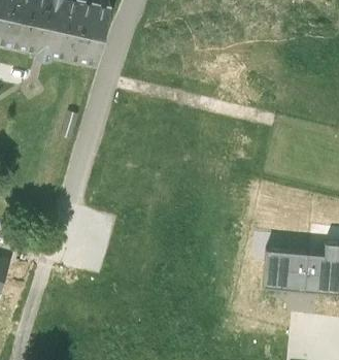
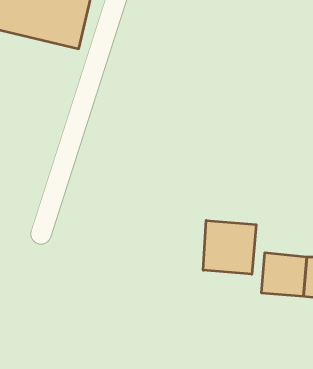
building: none -> [203,220,256,274]

